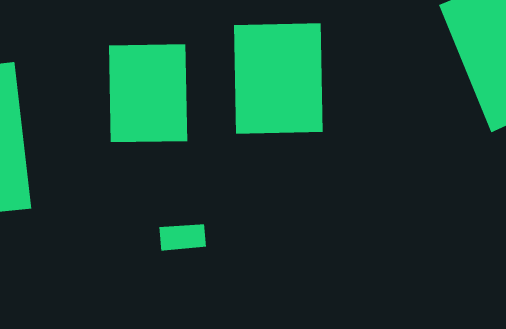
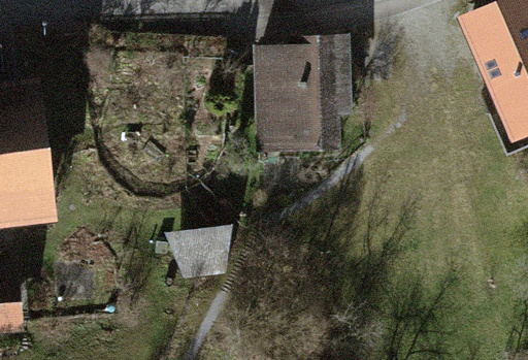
building: [108,44,188,143] -> none

